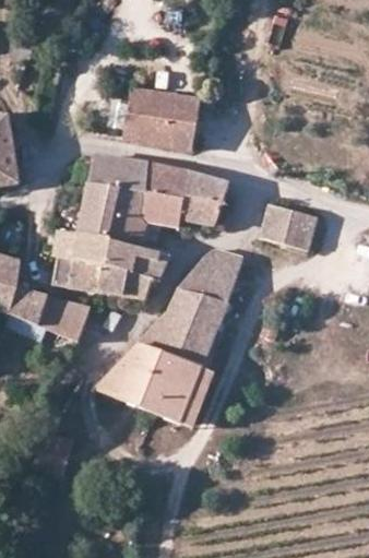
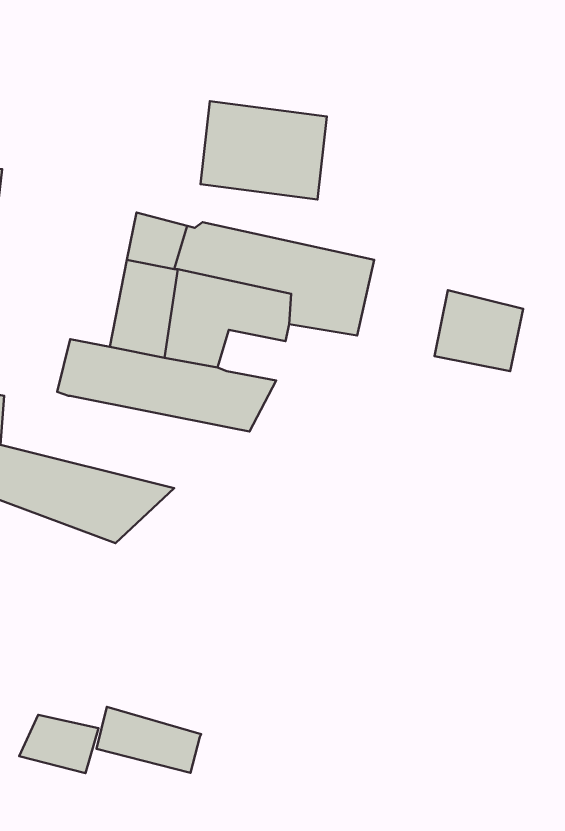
building: [94,241,247,419] -> none
building: [46,260,144,300] -> none
building: none -> [97,707,201,773]

